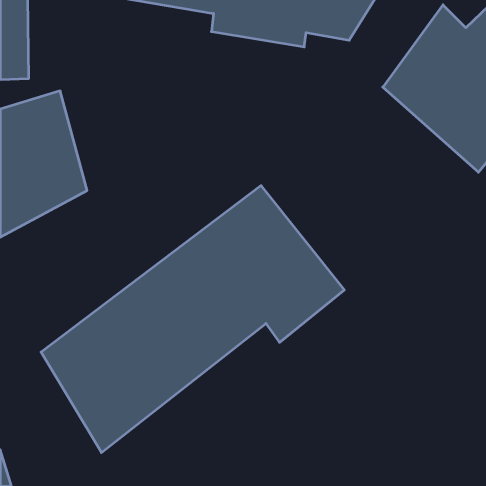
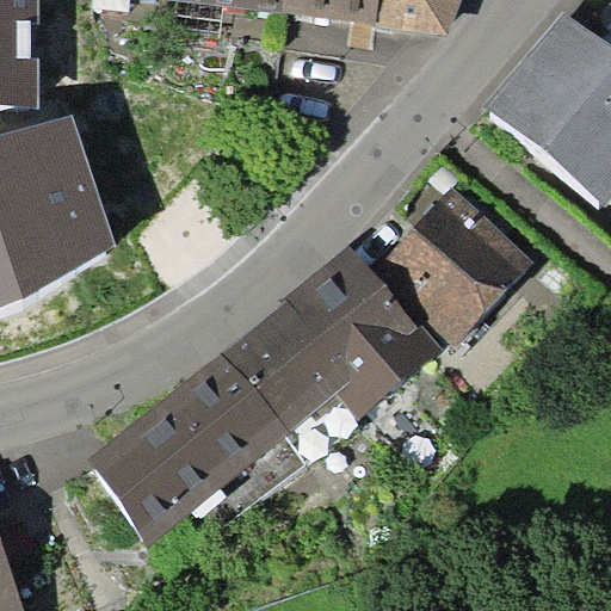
building: none -> [371,177,544,345]

